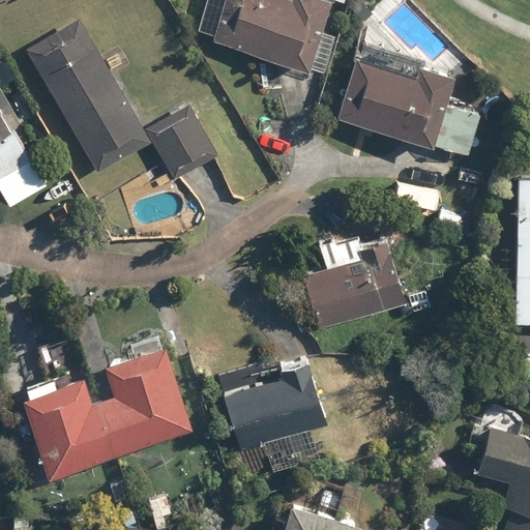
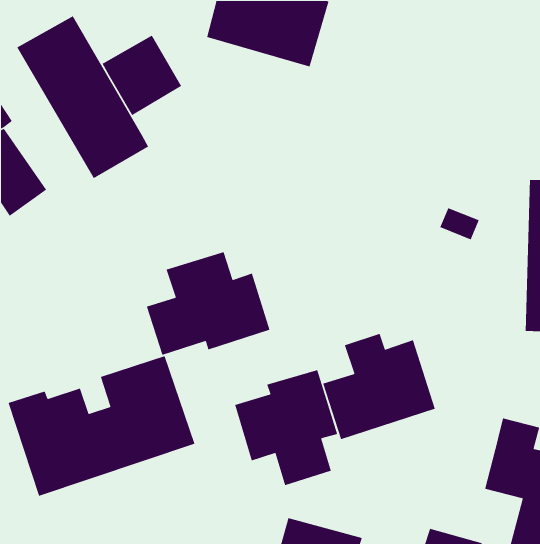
building: [336,37,482,156] -> none
building: [146,107,224,185] -> [102,35,182,116]
building: [299,229,409,332] -> [322,333,436,440]
building: none -> [146,251,271,356]

